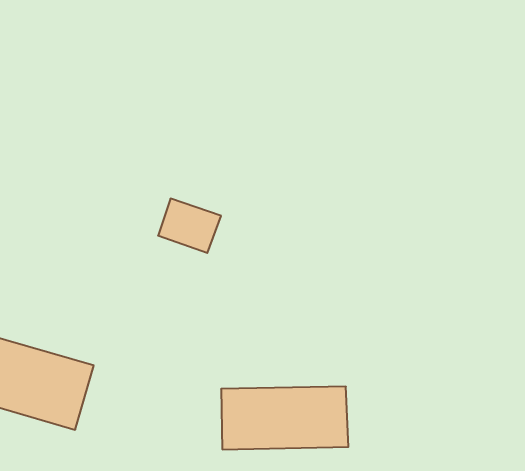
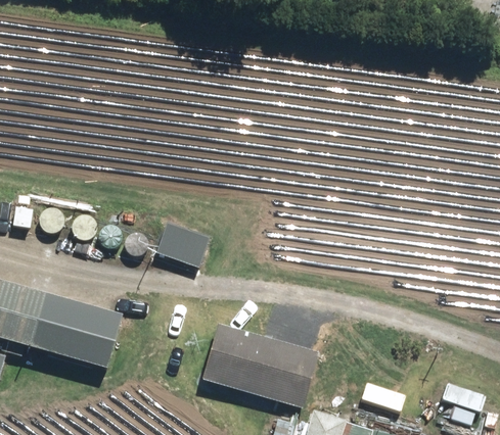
building: [158,199,221,253] -> [155,224,208,269]

